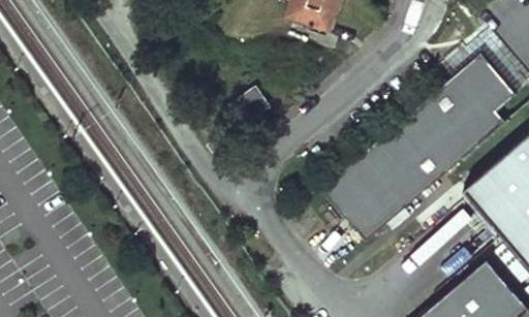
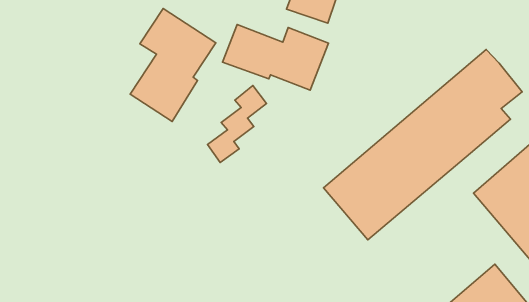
building: none -> [130,9,216,121]
building: none -> [222,25,328,90]

